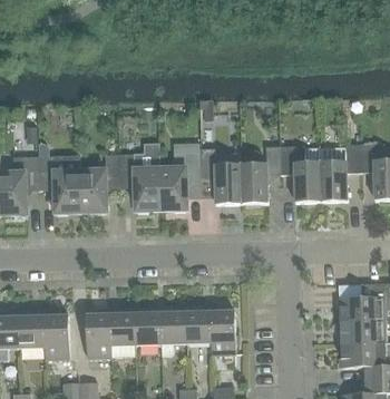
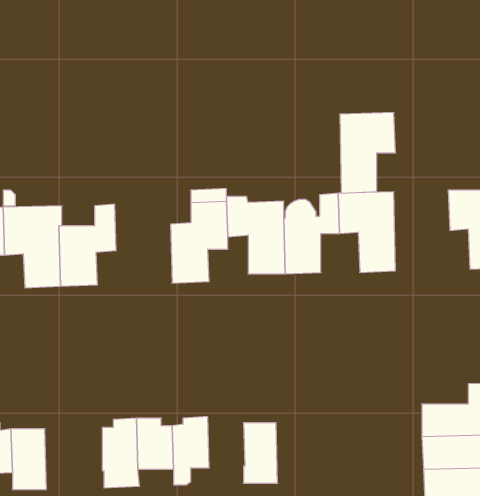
building: [118,143,159,212] -> none
building: [319,144,359,202] -> [340,113,396,193]
building: [185,306,212,343] -> none
building: [85,314,110,358] -> none

